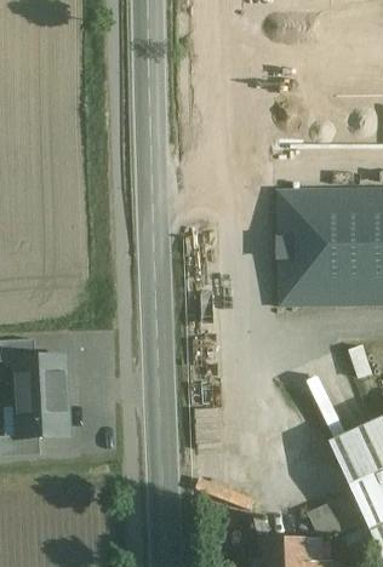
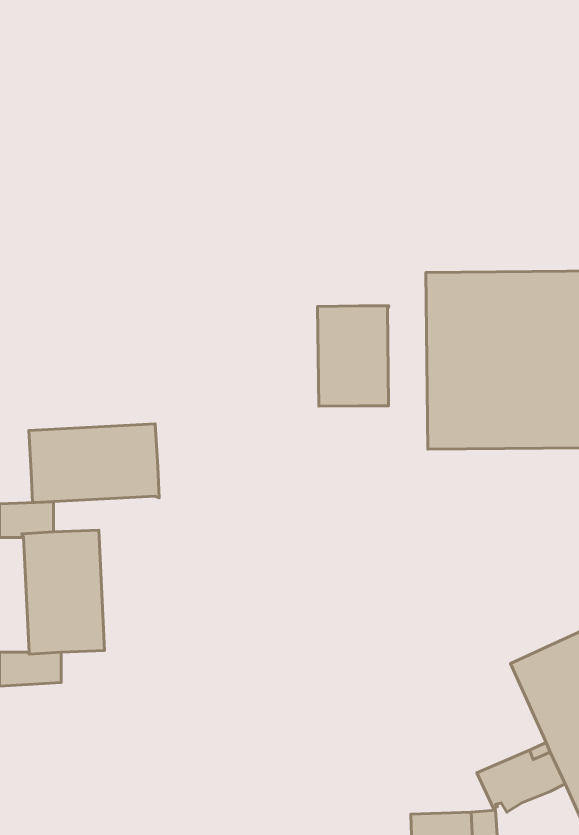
building: none -> [317,306,389,406]
building: none -> [29,424,159,503]

